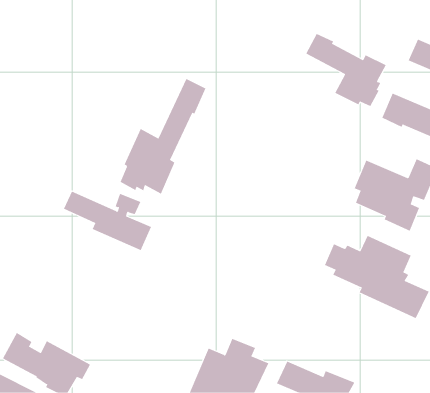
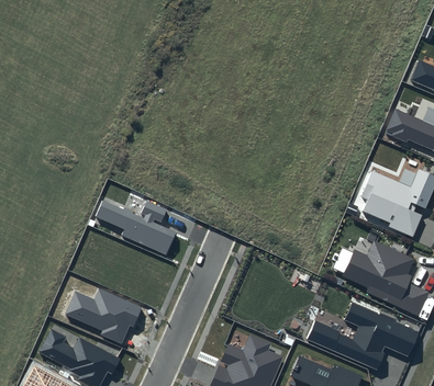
building: [306,33,387,107] -> none
building: [120,78,206,194] -> none
building: none -> [65,288,143,343]
building: none -> [305,303,420,371]

